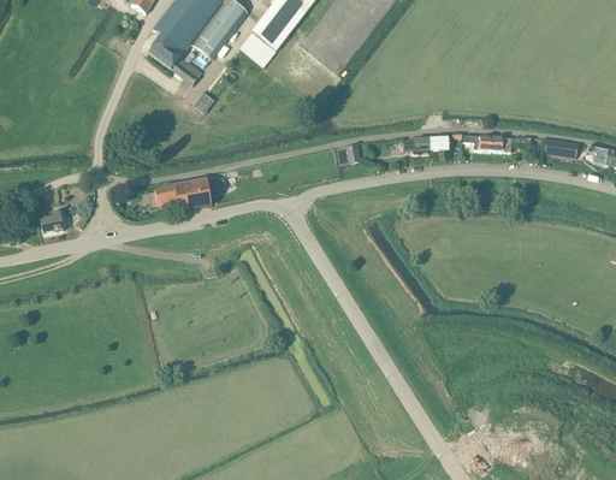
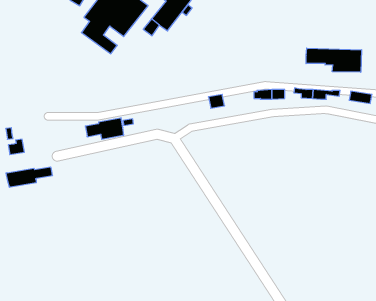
building: none -> [306,48,362,72]
building: none -> [6,167,52,187]

